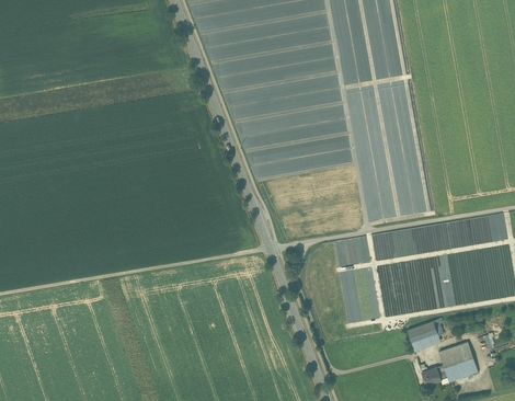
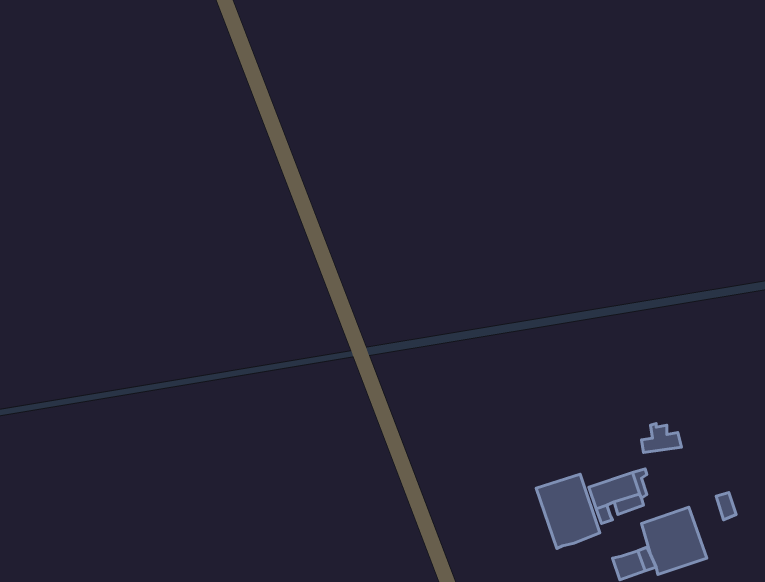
building: none -> [536,474,600,549]

